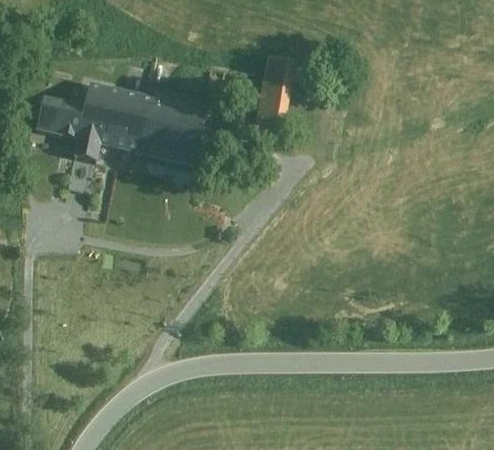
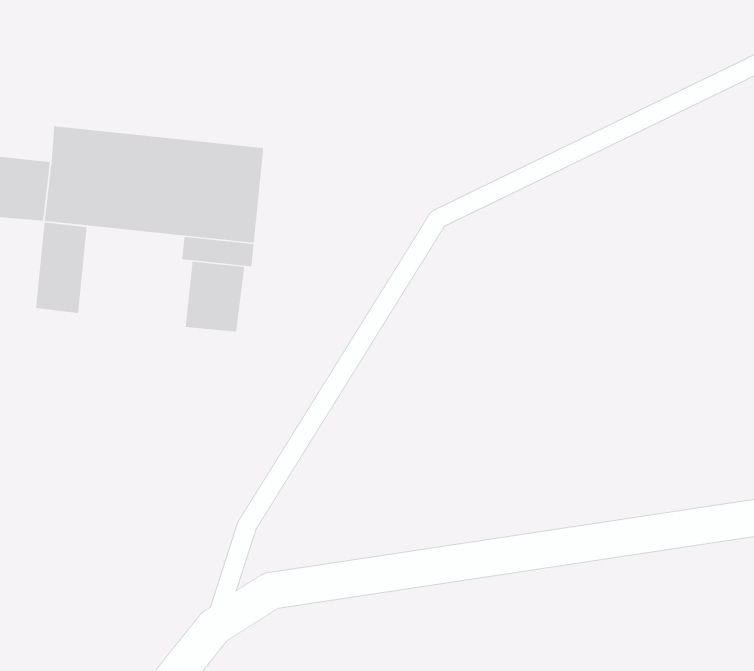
building: [261,52,297,110] -> none
building: none -> [185,261,245,333]

